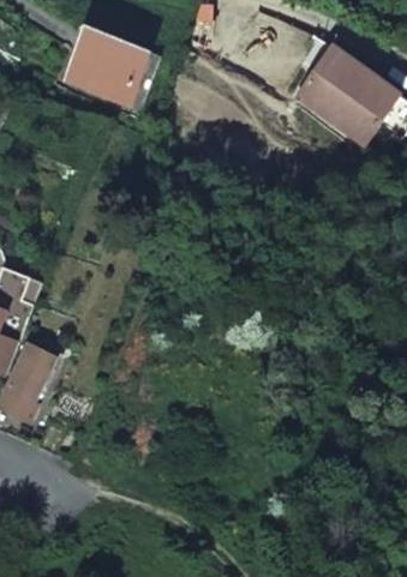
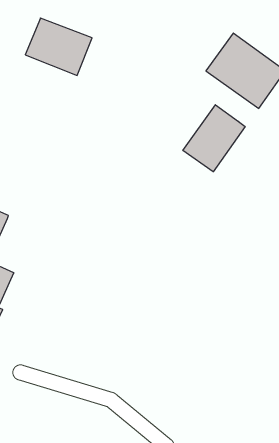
building: none -> [183,105,245,172]

